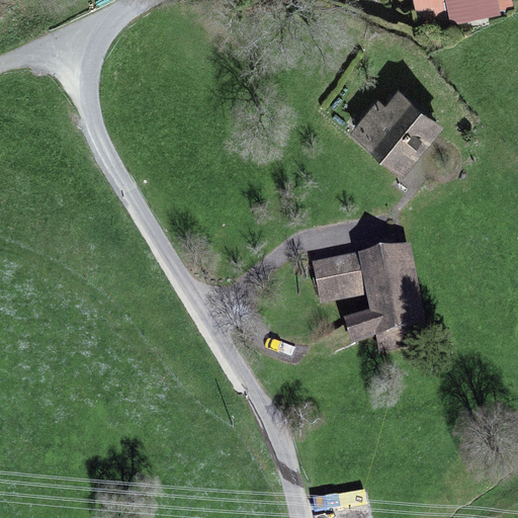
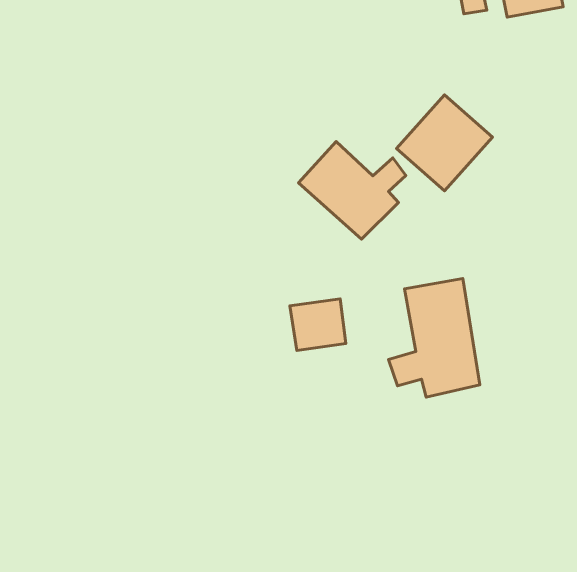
building: none -> [298,142,406,239]
building: [309,256,358,301] -> [290,299,346,350]

